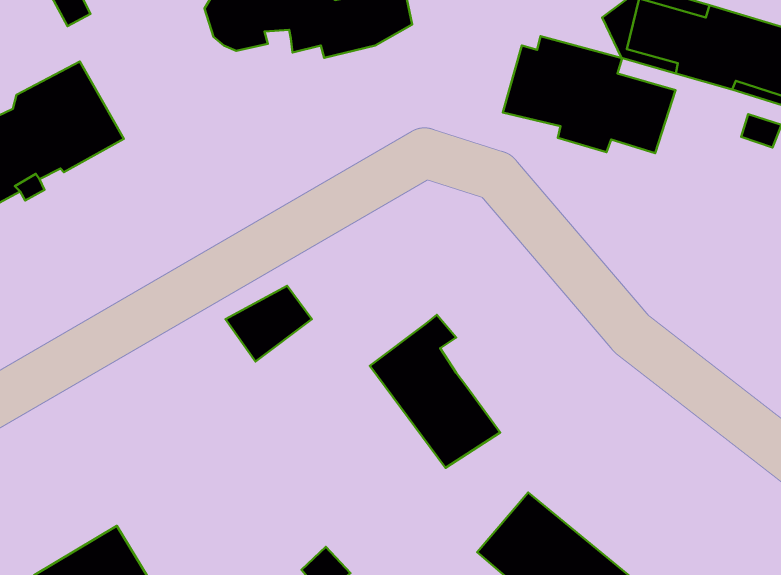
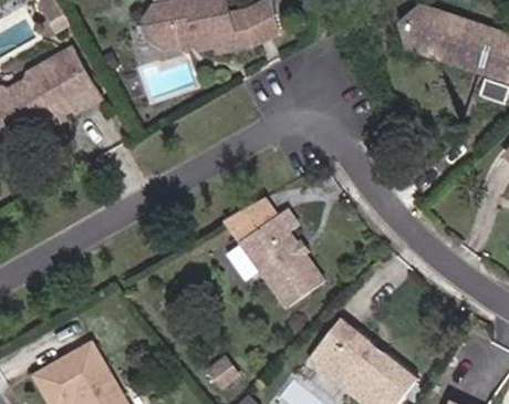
building: [503,36,676,153] -> none
building: [226,286,312,361] -> [227,196,281,244]

